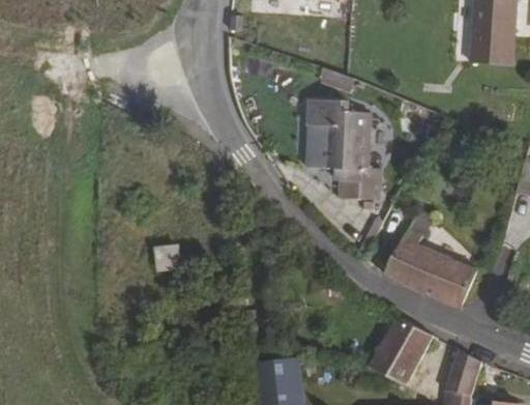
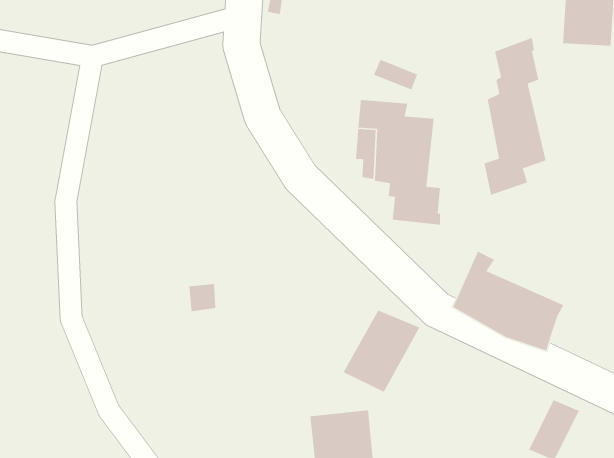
building: none -> [483,37,547,196]
building: [359,315,423,383] -> [342,310,421,393]

